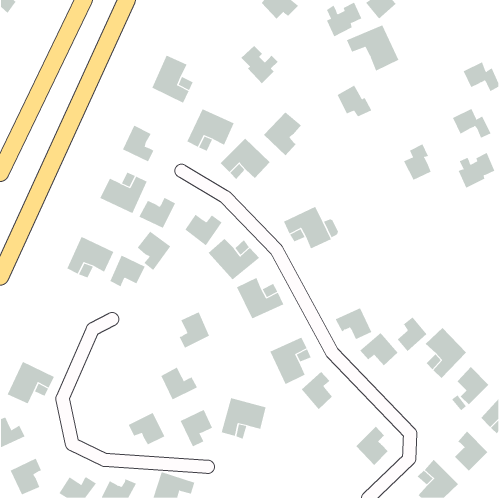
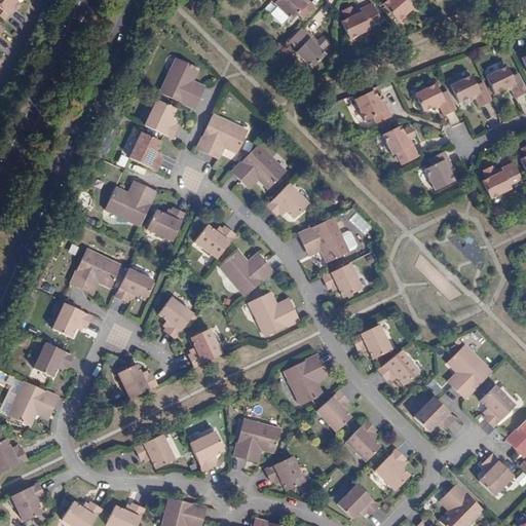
building: [346,24,399,71] -> none
building: [240,45,279,84] -> [290,27,330,68]
building: none -> [414,84,455,115]
building: none -> [143,99,177,138]
building: [452,108,491,138] -> [450,74,491,106]
building: [263,111,302,156] -> none
building: none -> [381,124,418,164]
building: none -> [266,183,308,219]
building: [137,231,171,271] -> [157,296,193,338]
building: none -> [322,263,361,297]
building: none -> [51,302,91,337]
building: [397,316,427,352] -> none
building: none -> [33,342,73,377]
building: [161,367,198,400] -> [118,363,157,398]
building: none -> [413,397,455,431]
building: none -> [345,419,380,461]
building: none -> [262,455,303,490]
building: none -> [336,483,378,518]

